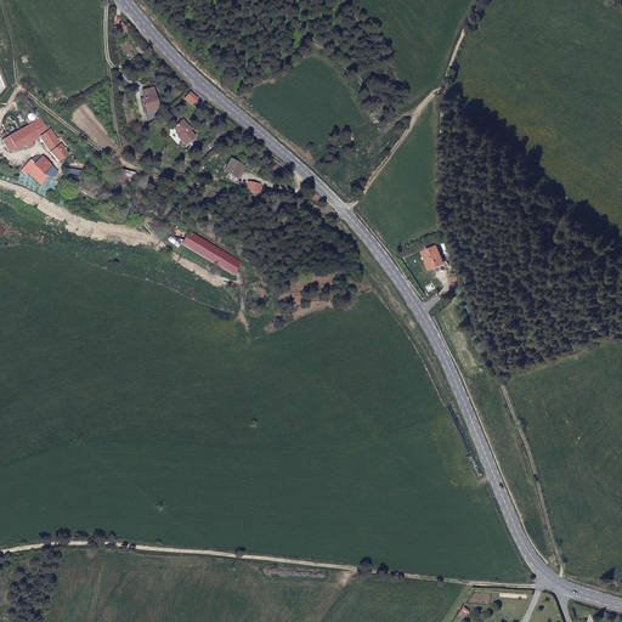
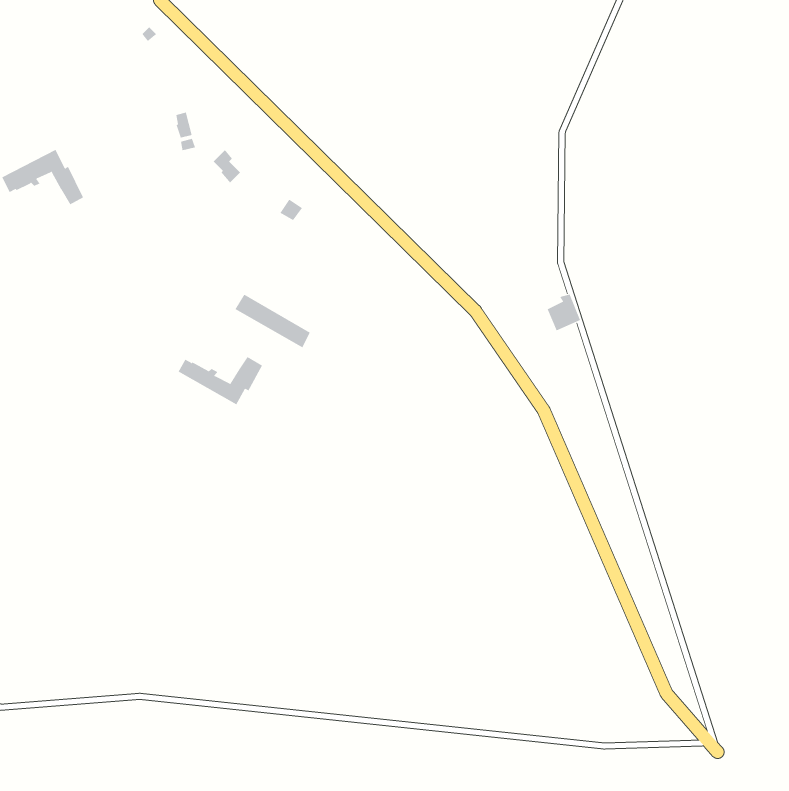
building: [15,158,55,182] -> none
building: none -> [178,356,263,405]

